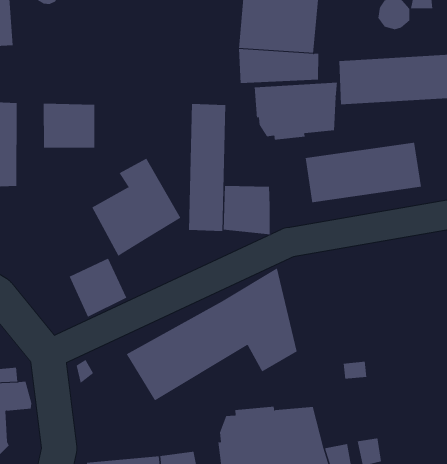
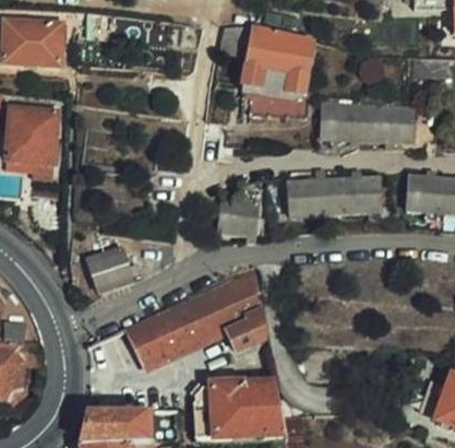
building: [254,82,338,140] -> none
building: [43,103,95,149] -> none
building: [189,103,226,232] -> none
building: [92,158,181,256] -> none

